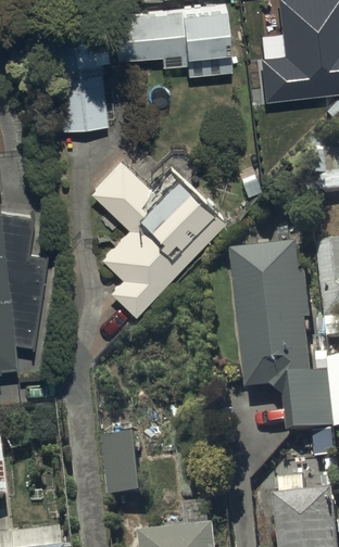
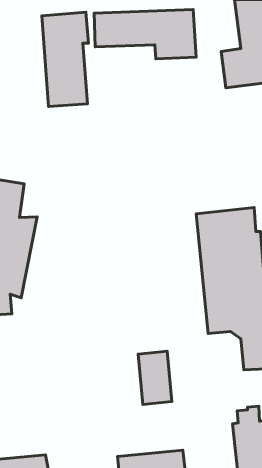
building: [88,154,223,311] -> none
building: [102,433,141,495] -> [138,351,172,404]

